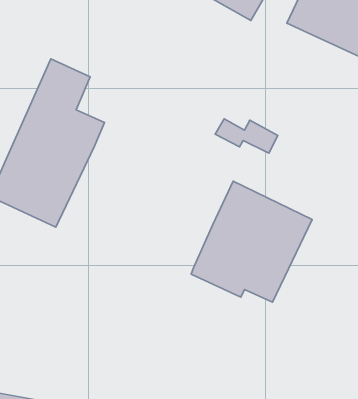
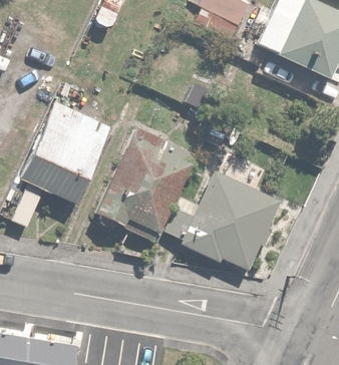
building: none -> [95,135,199,243]

